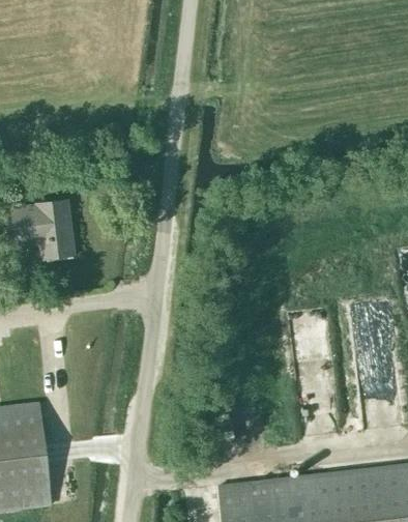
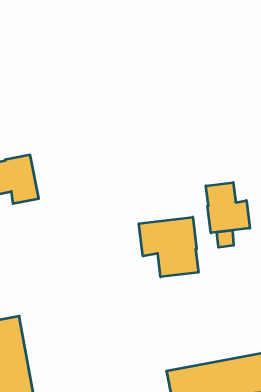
building: none -> [206,182,250,233]
building: none -> [139,217,198,277]

